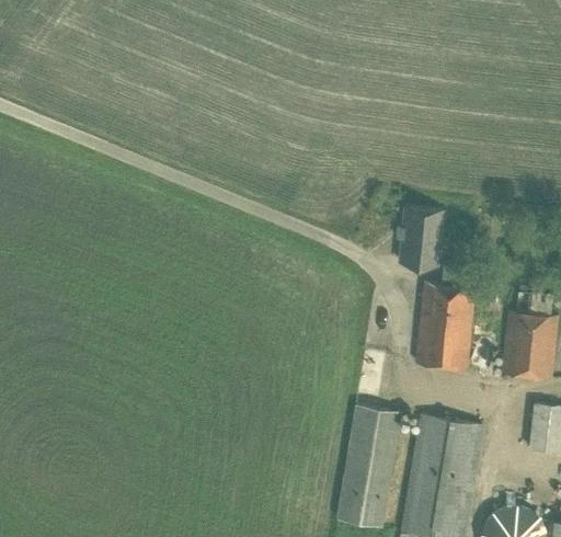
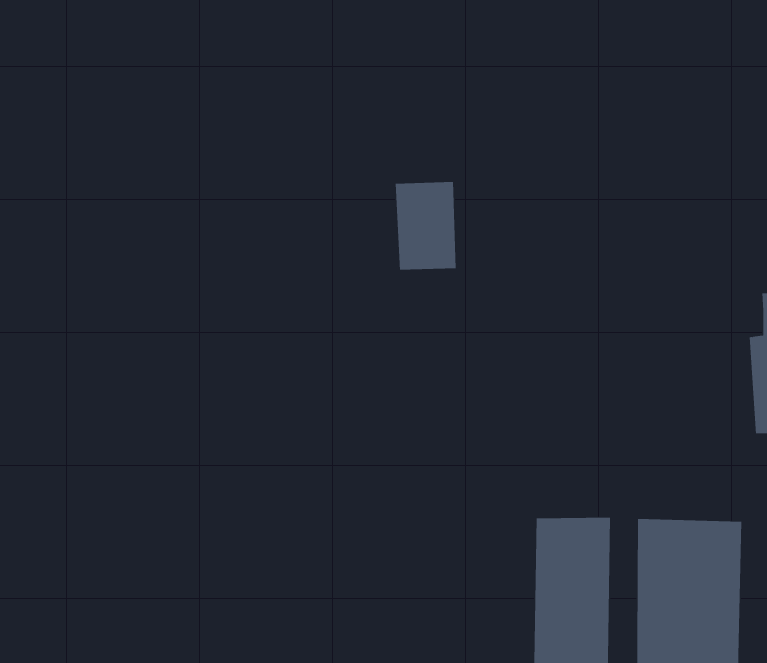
building: [400,208,443,267] -> [395,181,457,270]
building: [414,267,477,370] -> none

